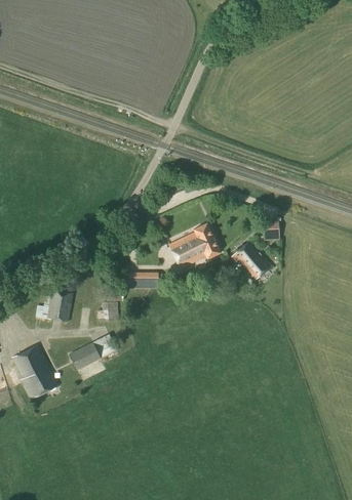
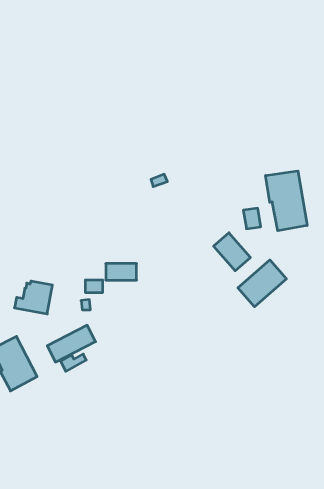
building: none -> [266,171,307,231]
building: [168,222,221,268] -> none
building: none -> [238,260,286,307]

